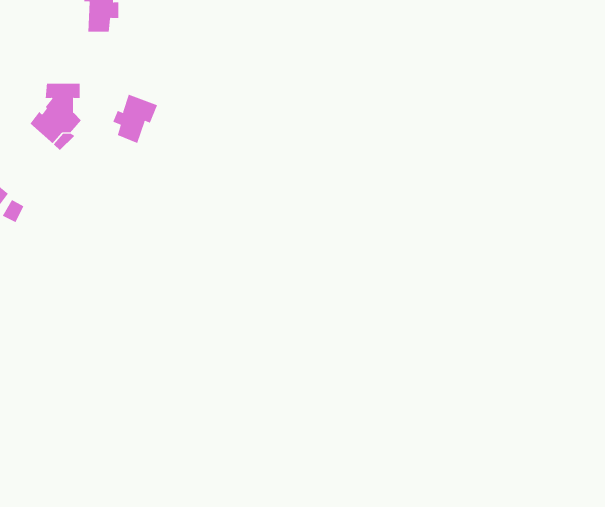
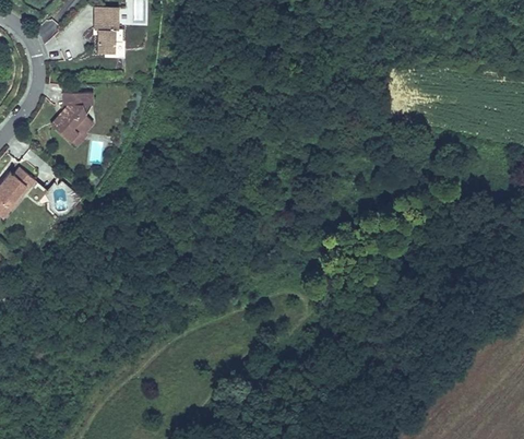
building: [113,94,158,144] -> none

